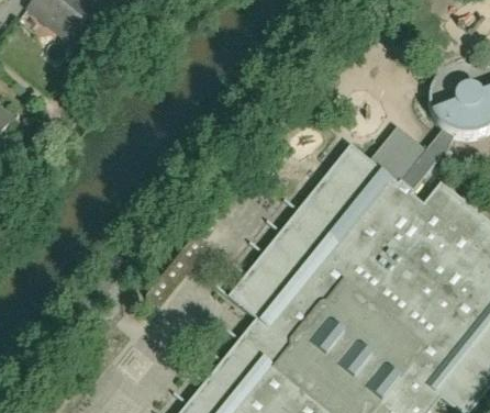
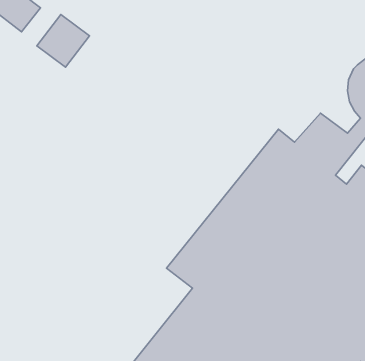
building: none -> [37,14,90,67]

